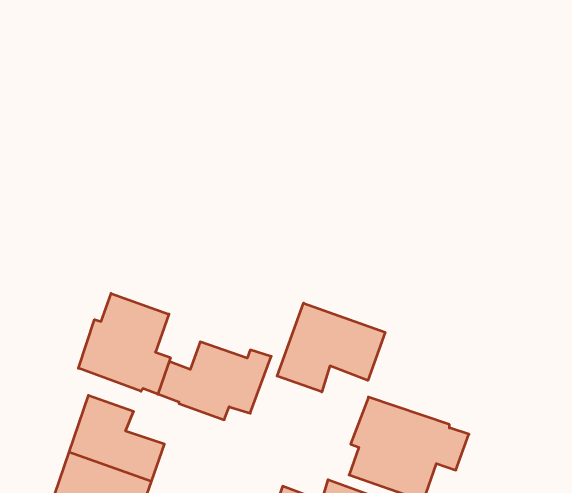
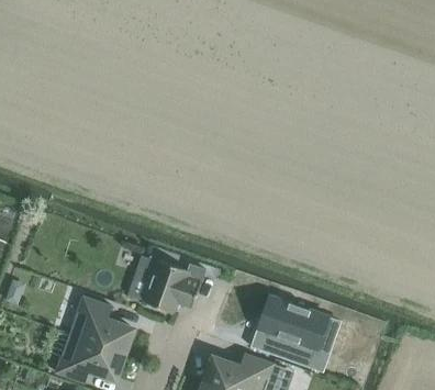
building: [78,293,170,394] -> none
building: [277,303,385,392] -> none

